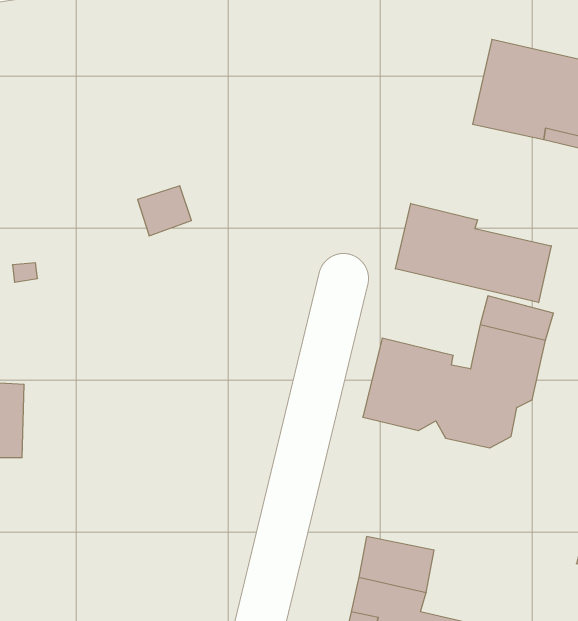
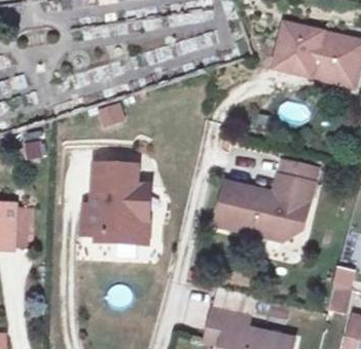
building: [395,203,551,303] -> none
building: none -> [83,164,148,243]

